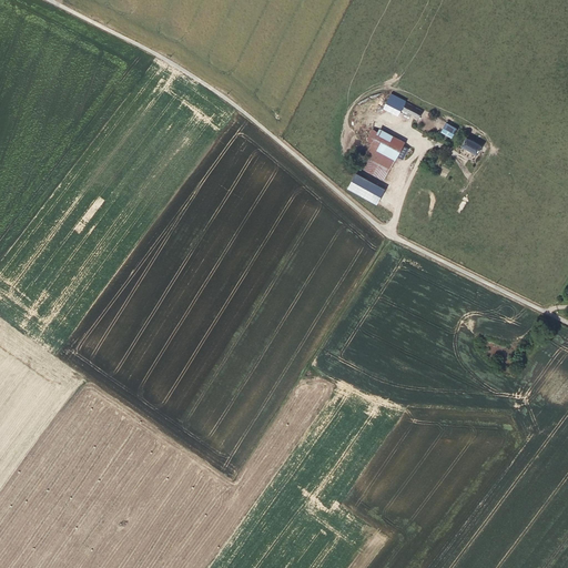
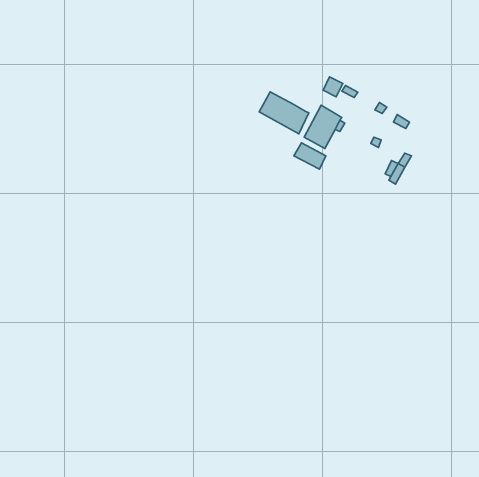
building: none -> [259,92,309,134]

